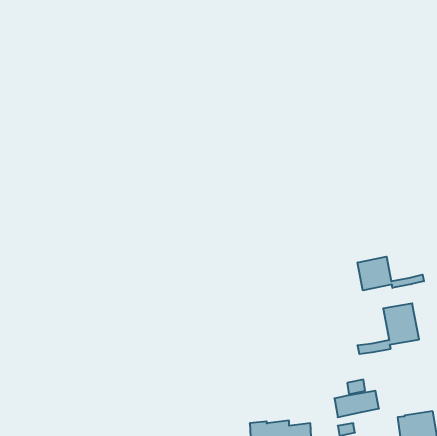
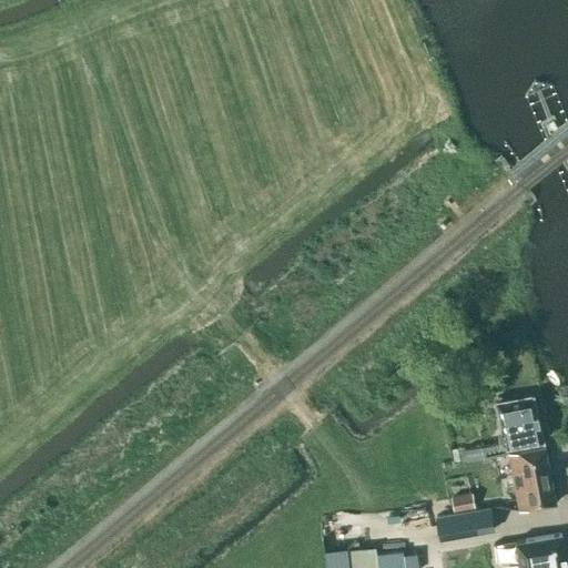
building: [358,257,424,290] -> none
building: none -> [508,447,555,511]

